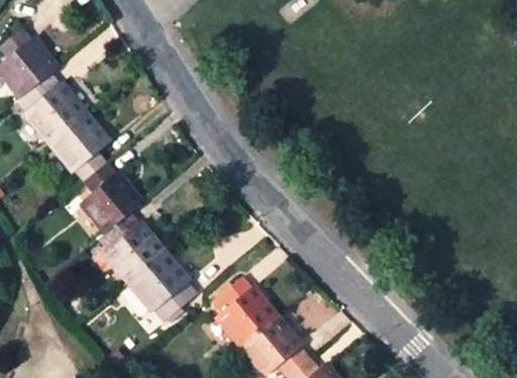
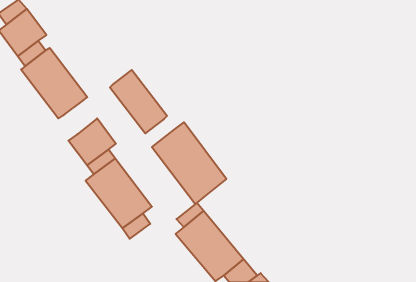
building: none -> [110,70,167,133]
building: [79,153,120,194] -> none
building: none -> [152,122,226,204]

